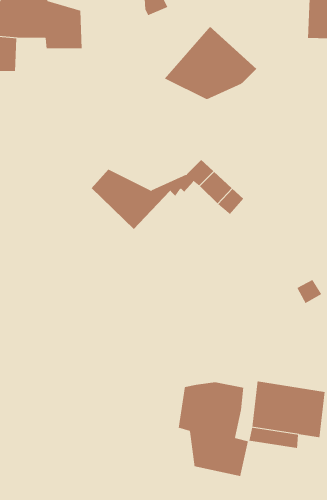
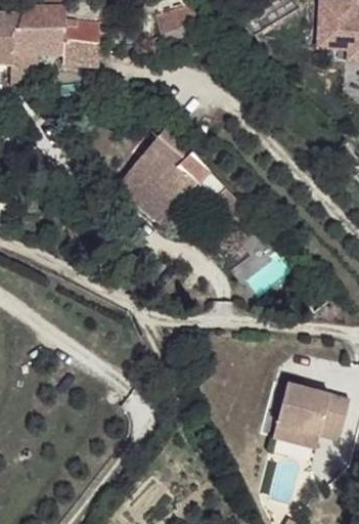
building: [164,26,257,100] -> [124,126,213,196]
building: [178,381,248,477] -> none

